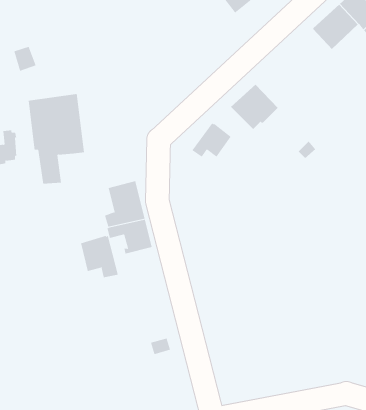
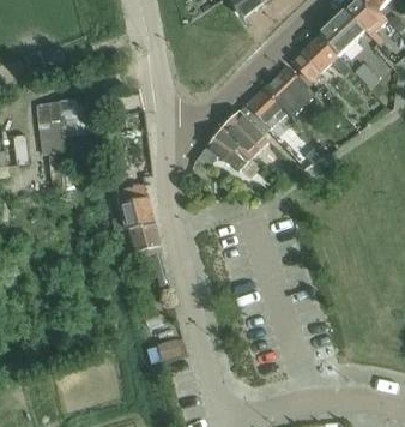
building: none -> [292,34,339,80]
building: none -> [264,65,315,118]
building: none -> [222,110,268,176]
building: [80,235,119,278] -> none

